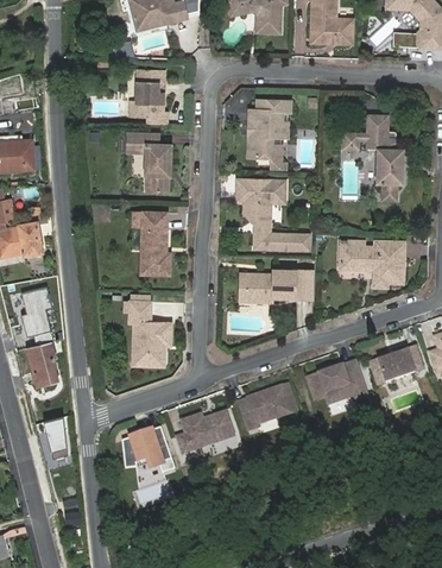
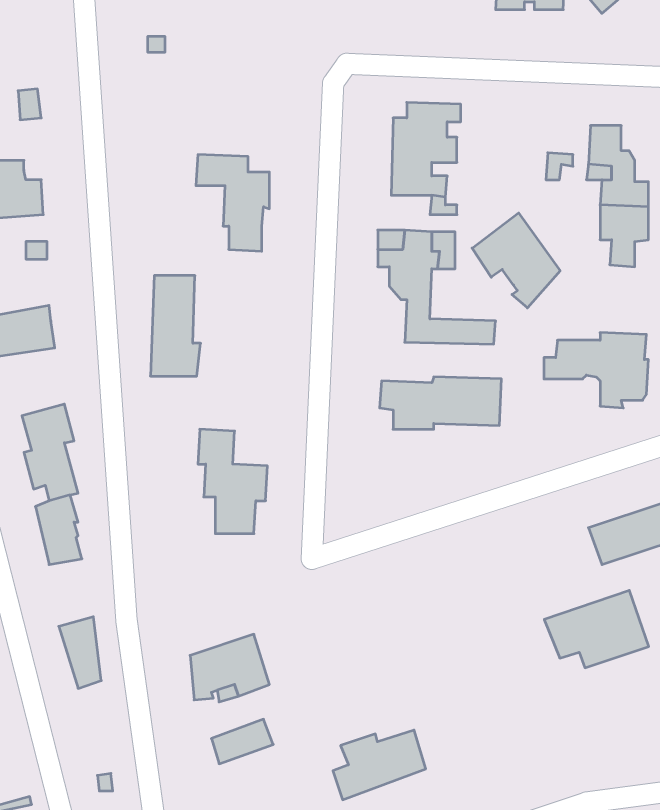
building: [133,69,166,121] -> none
building: none -> [472,213,560,308]
building: [139,213,170,274] -> [150,276,201,376]
building: [303,359,367,406] -> [544,590,649,668]
building: [238,383,295,422] -> none
building: [175,410,232,453] -> [333,730,426,800]

